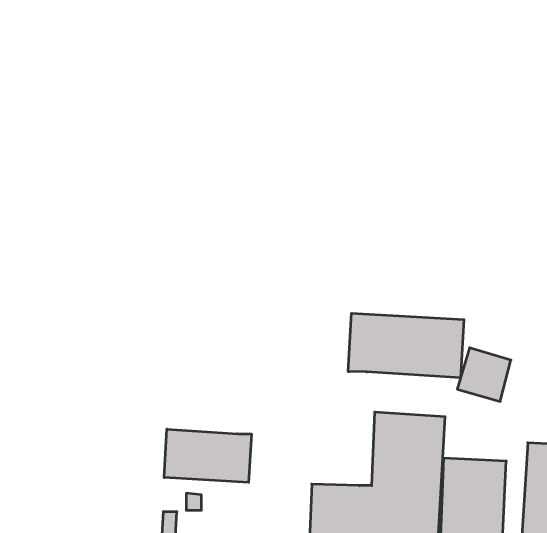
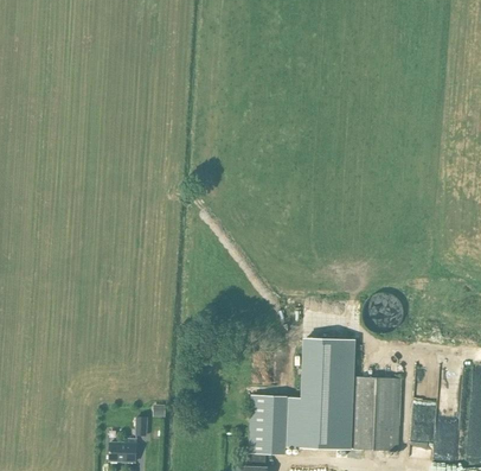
building: [348,313,464,378] -> none
building: [164,429,251,482] -> none

